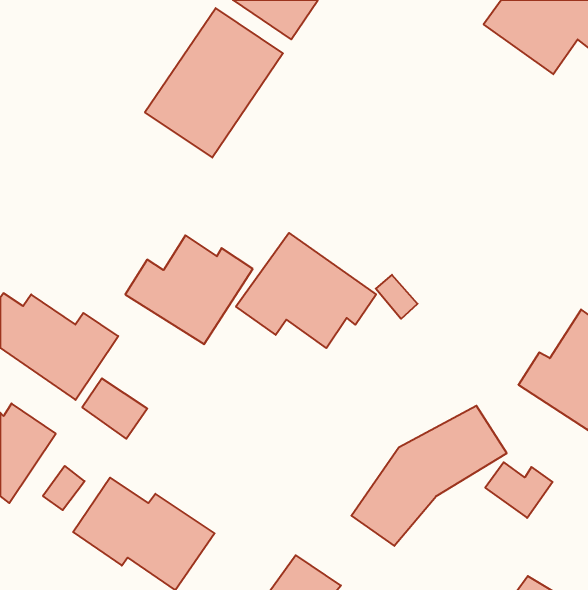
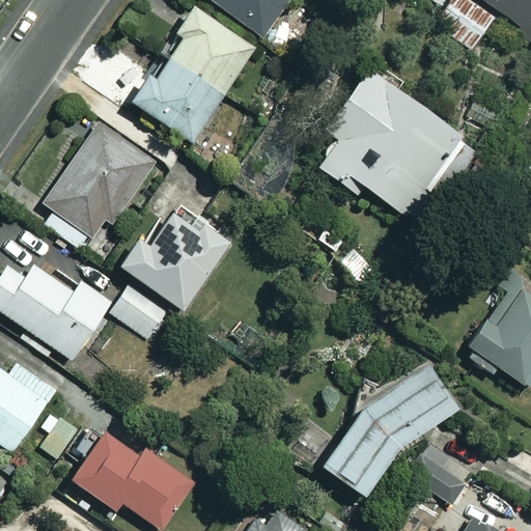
building: none -> [304,67,462,223]
building: none -> [45,123,156,250]
building: [236,233,376,348] -> none
building: [82,378,147,439] -> [111,287,169,341]
building: [485,462,553,518] -> [412,455,472,505]

